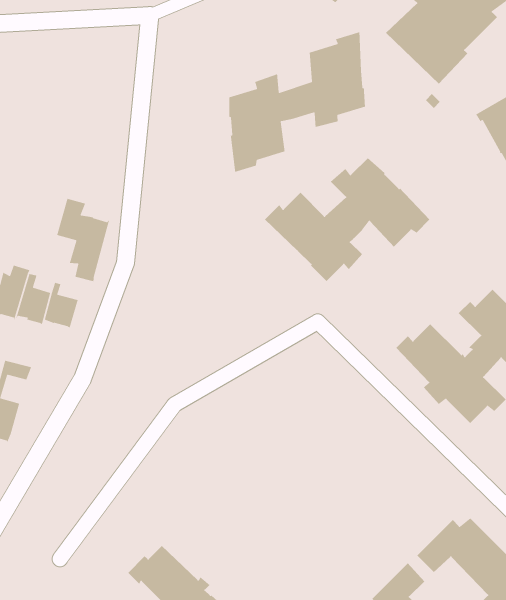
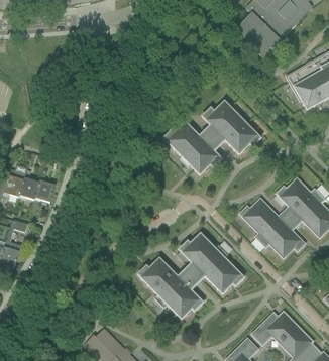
building: [228,31,366,173] -> none
building: [56,198,110,282] -> none
building: none -> [137,234,243,319]

